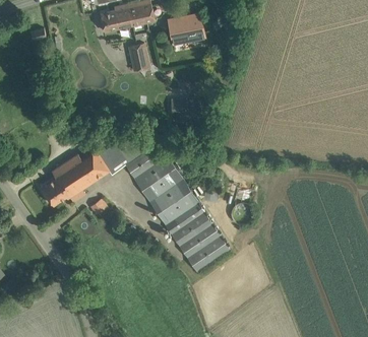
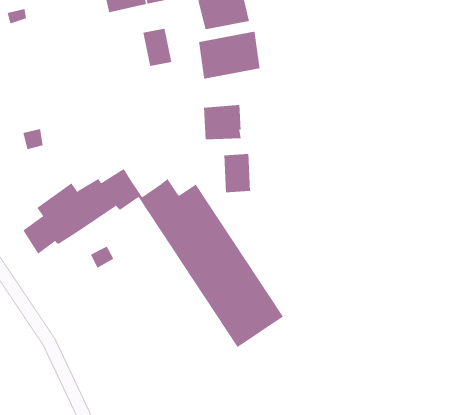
building: none -> [199,31,260,79]
building: none -> [224,153,250,193]

